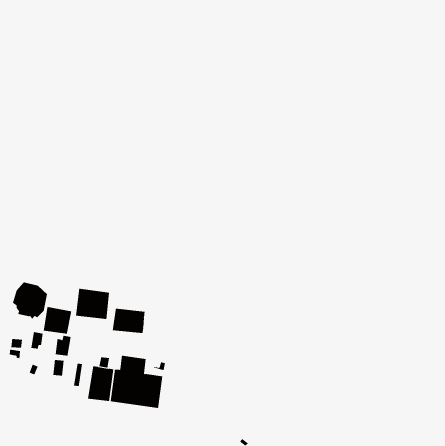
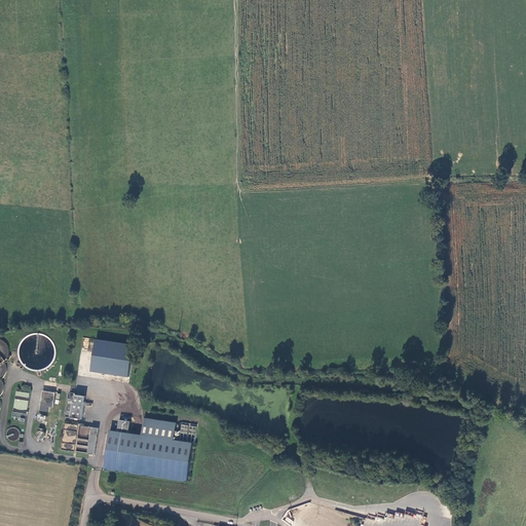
building: [43,306,72,335] -> none
building: [112,308,145,334] -> none

